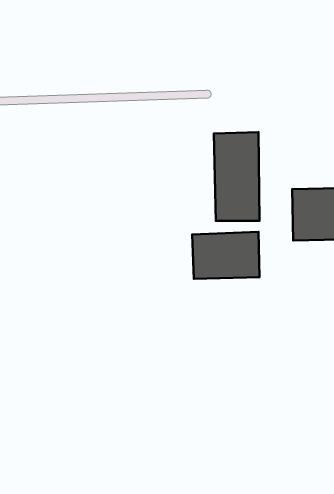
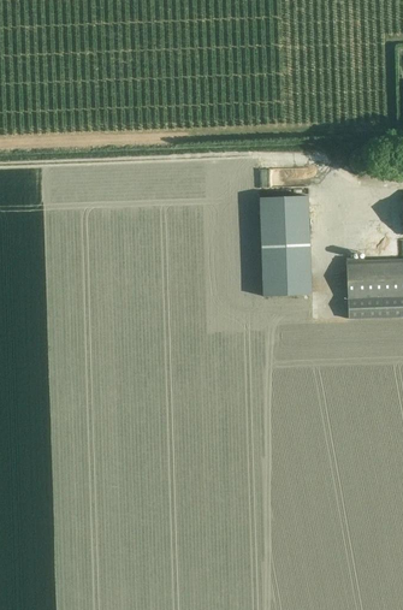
building: [192,232,260,279] -> none

